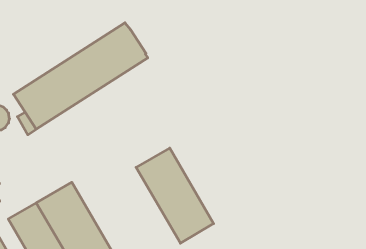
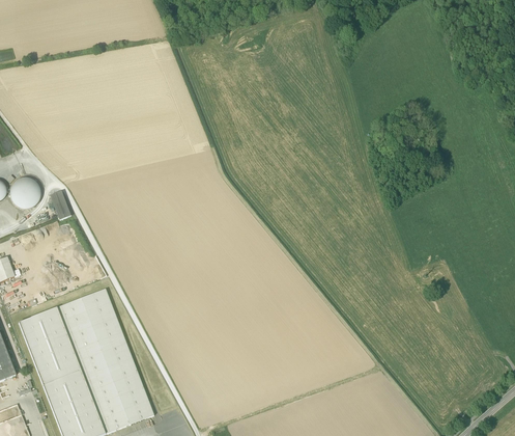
building: [13,23,148,129] -> none
building: [136,148,214,243] -> none

